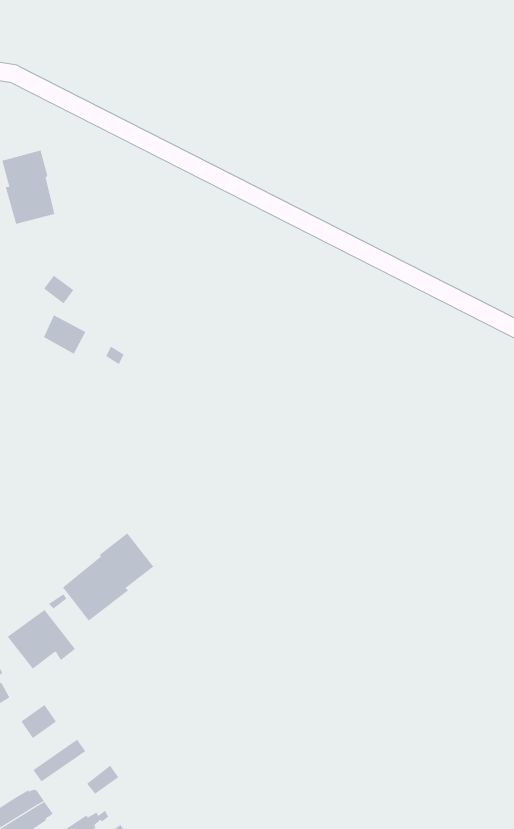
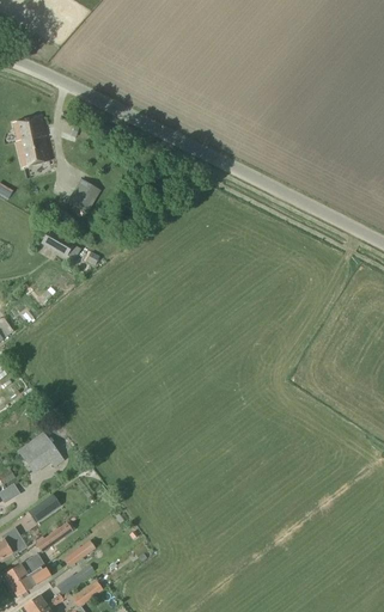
building: none -> [66,177,99,212]
building: [62,533,154,621] -> none

